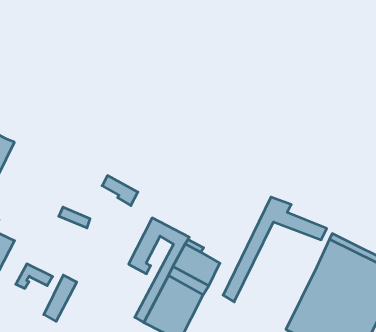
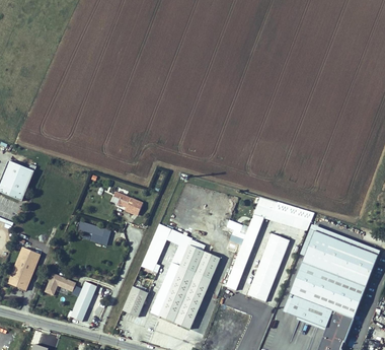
building: none -> [247,235,289,302]
building: none -> [123,288,148,319]

